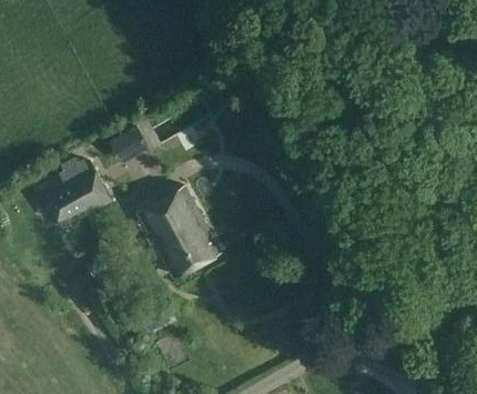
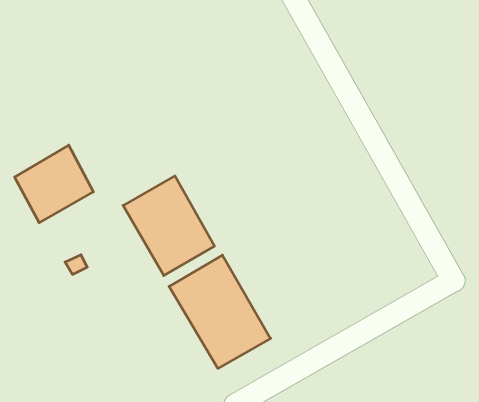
building: none -> [169,255,271,368]

